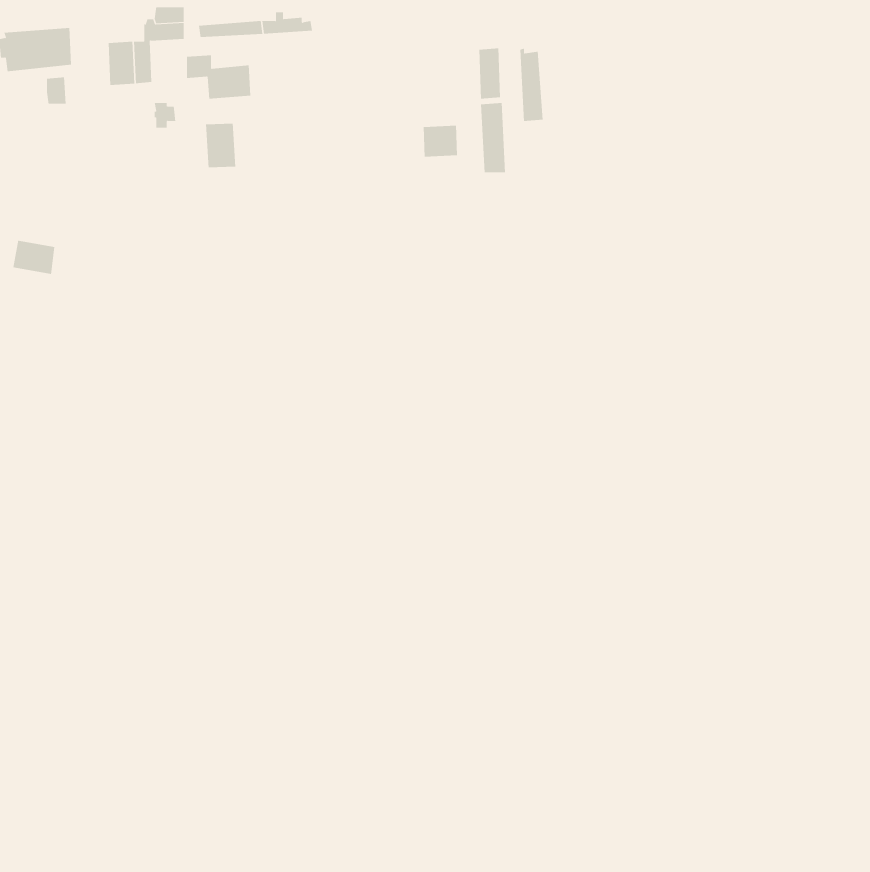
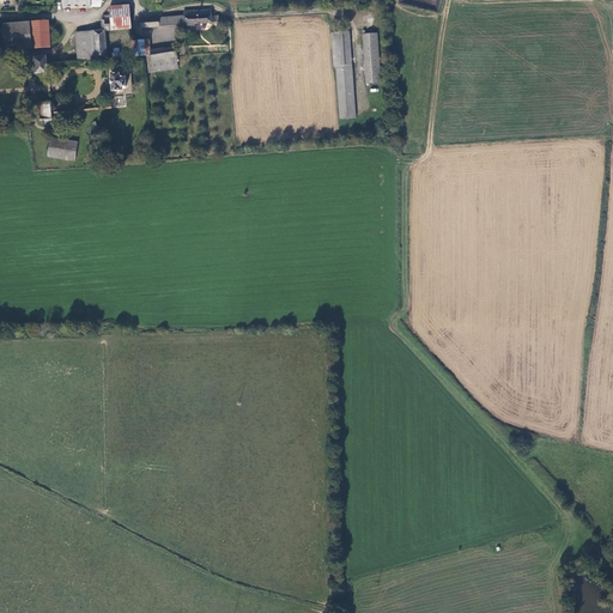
building: [206,123,236,168] -> none
building: [423,125,457,158] -> none
building: [12,240,55,274] -> [45,136,75,160]

